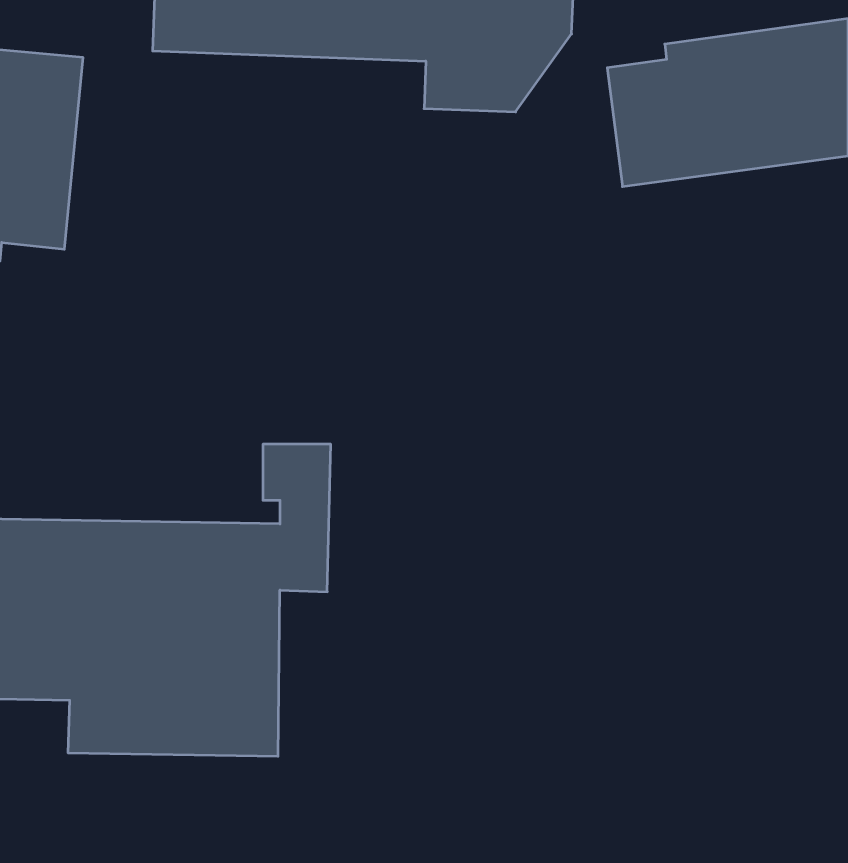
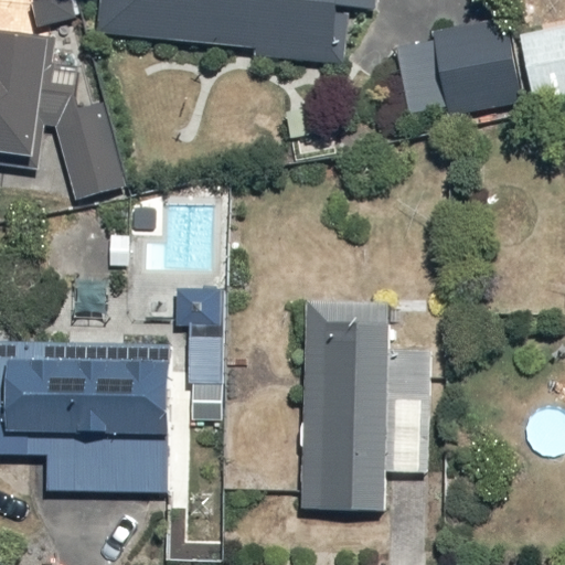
building: none -> [52,114,120,210]
building: none -> [299,298,427,514]

